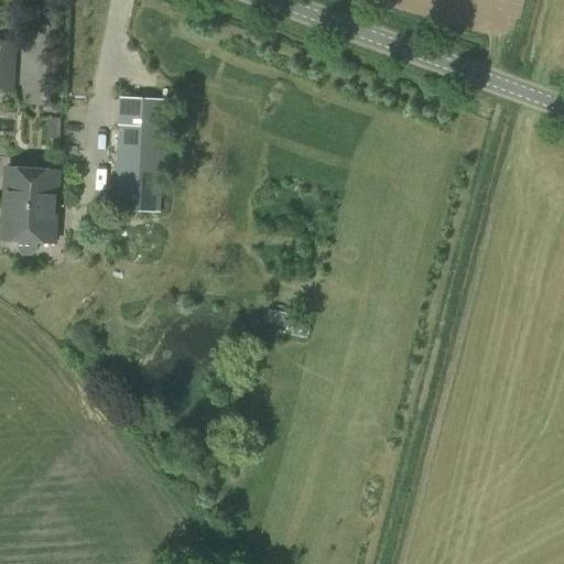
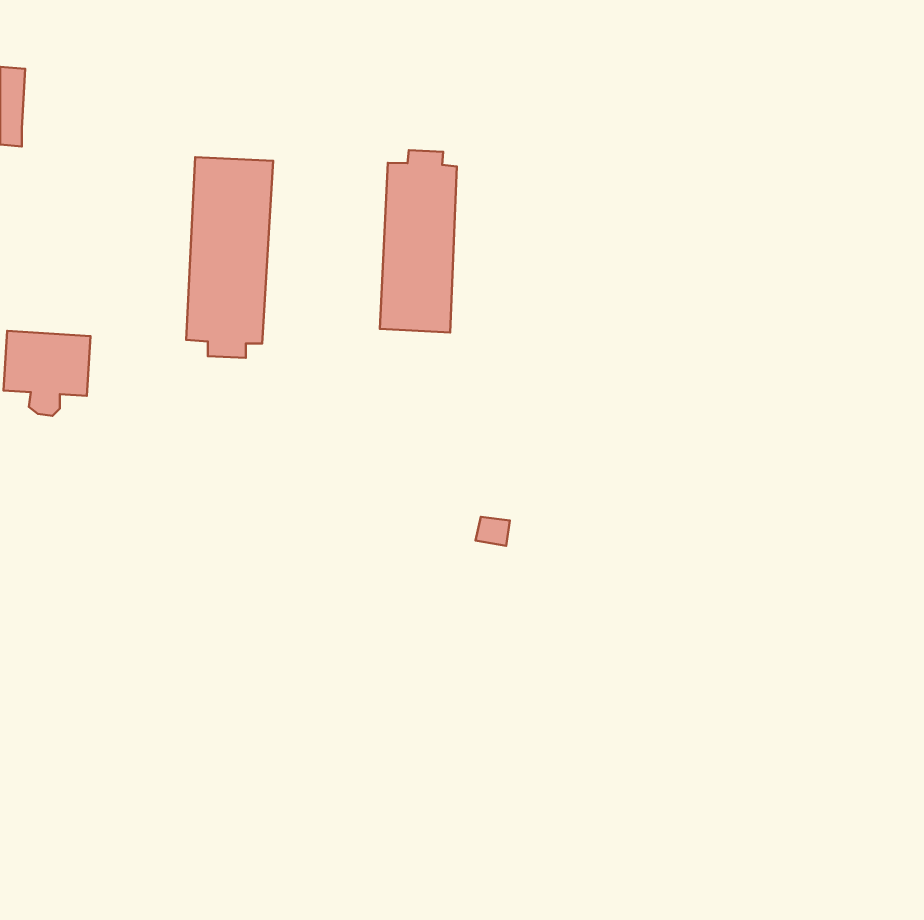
building: none -> [380,150,457,333]
building: [4,165,57,205] -> none

